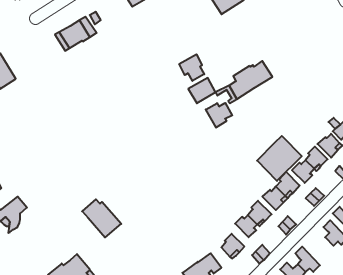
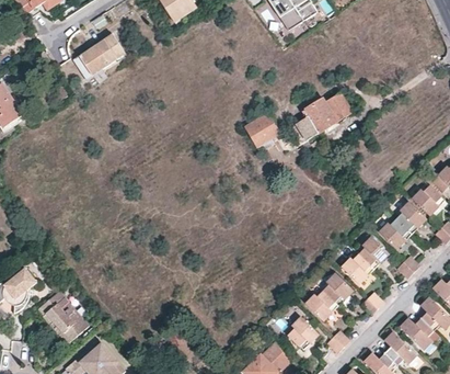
building: [179,54,204,81] -> none
building: [206,103,232,128] -> none
building: [257,136,302,181] -> none
building: [82,199,121,237] -> [38,294,89,343]
building: none -> [399,318,432,350]

